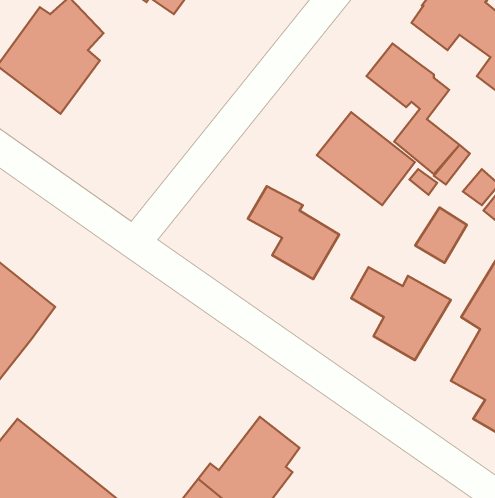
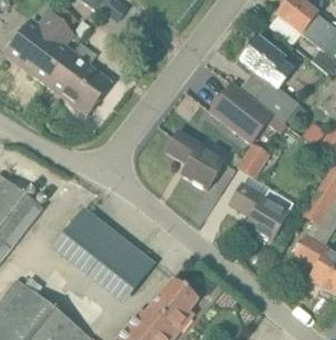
building: none -> [46,42,113,115]
building: [415,208,467,263] -> [237,141,270,177]
building: none -> [53,208,155,304]

